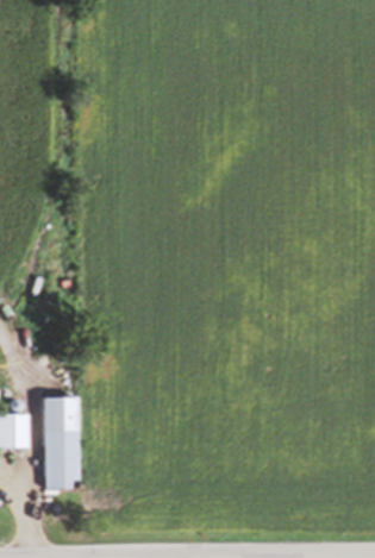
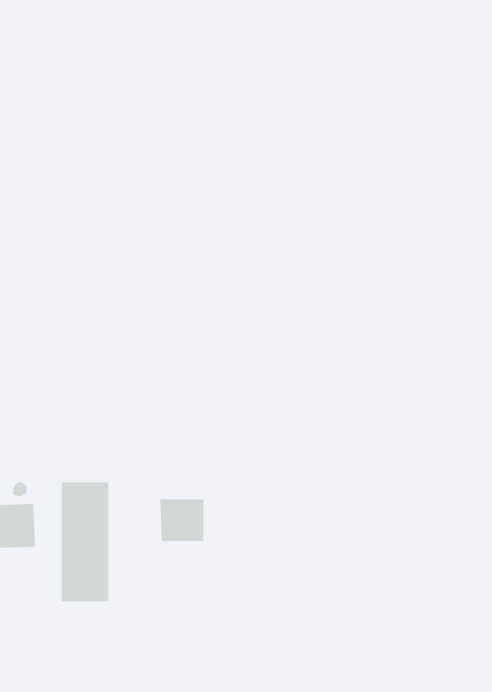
building: none -> [160,499,204,542]

